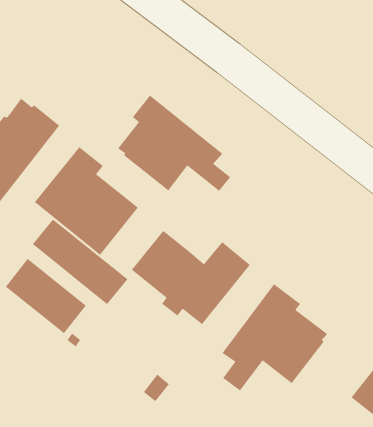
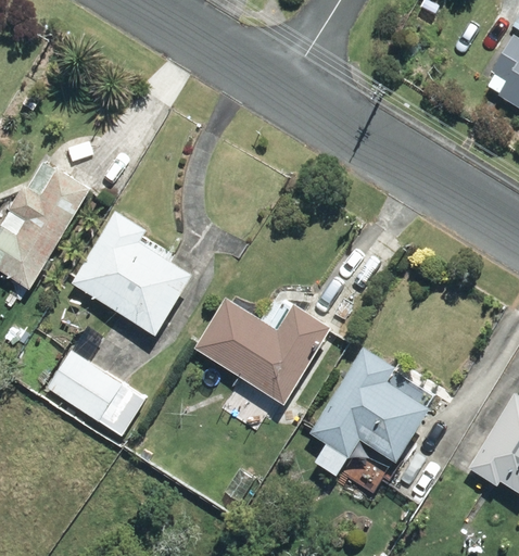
building: [117,94,231,192] -> none
building: [32,218,128,305] -> none

